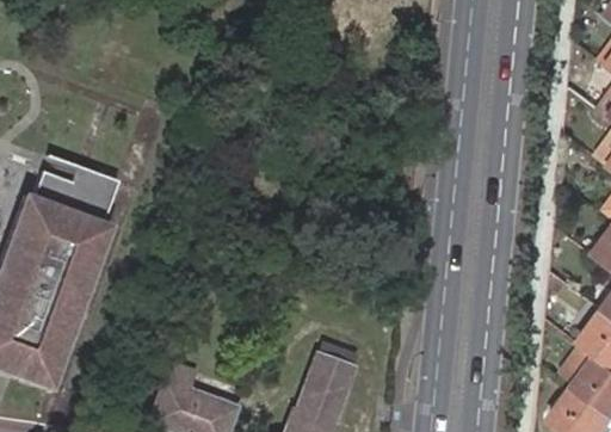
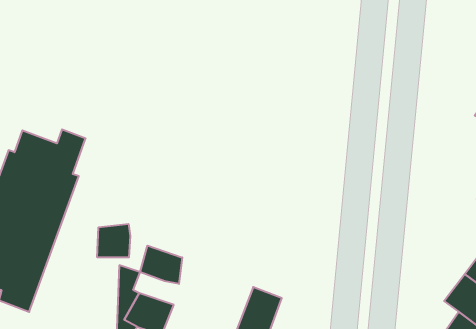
building: none -> [97,224,130,257]
building: none -> [140,246,182,284]

